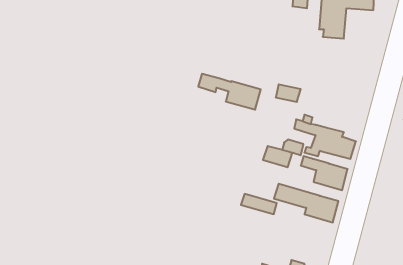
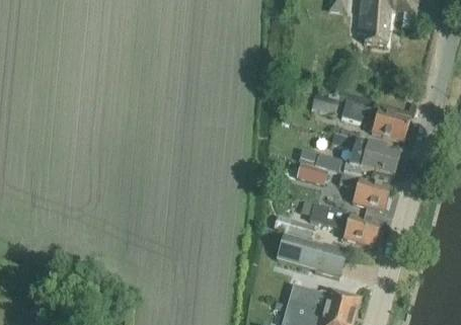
building: [198,74,261,110] -> [341,100,410,140]
building: none -> [276,232,345,276]

